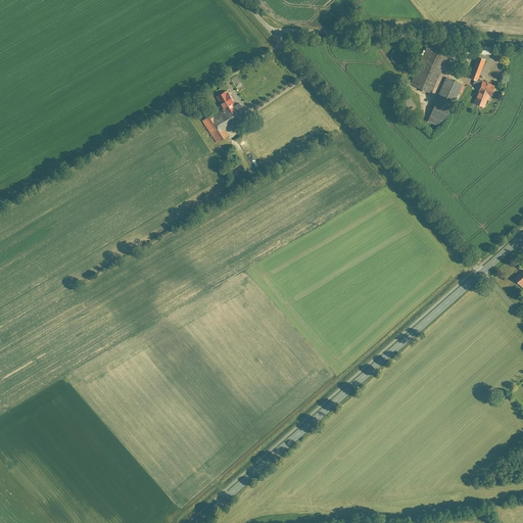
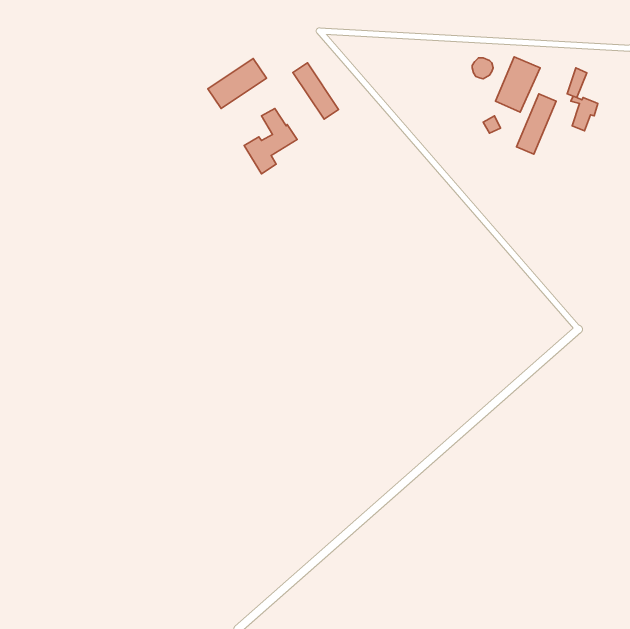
building: none -> [208,59,267,108]
building: none -> [293,63,338,119]

